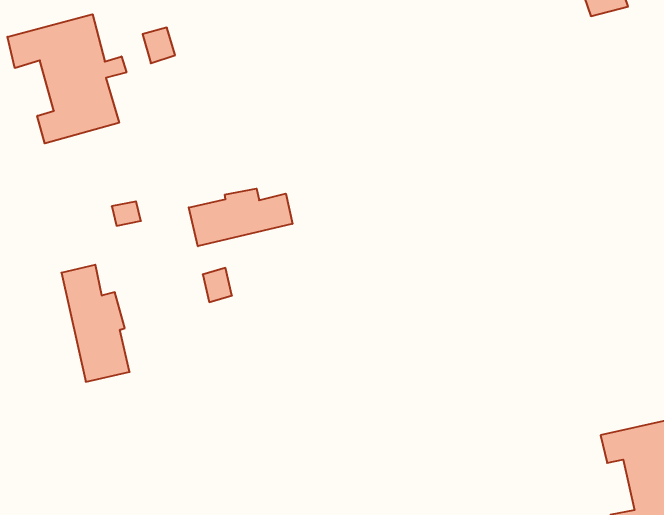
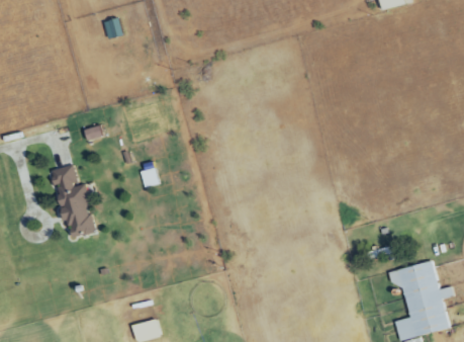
building: [7,14,126,143] -> none
building: [189,189,292,246] -> none

